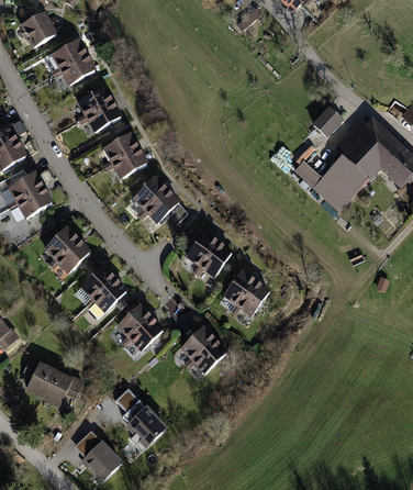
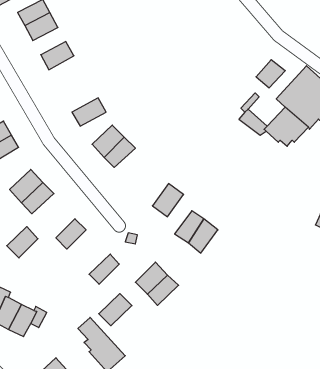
building: [85,101,120,132] -> none
building: [102,133,138,163] -> none
building: [185,231,215,265] -> none
building: [79,266,113,300] -> [7,227,38,258]
building: [115,304,152,339] -> [99,294,132,326]

